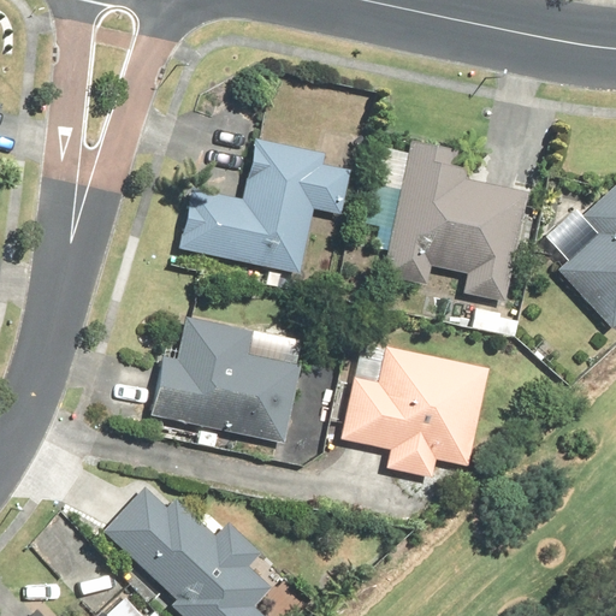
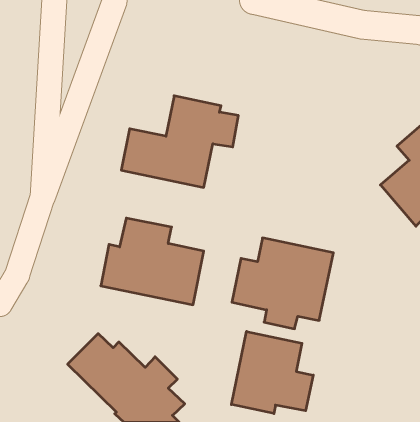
building: [383,141,529,303] -> none
building: none -> [231,331,313,414]

